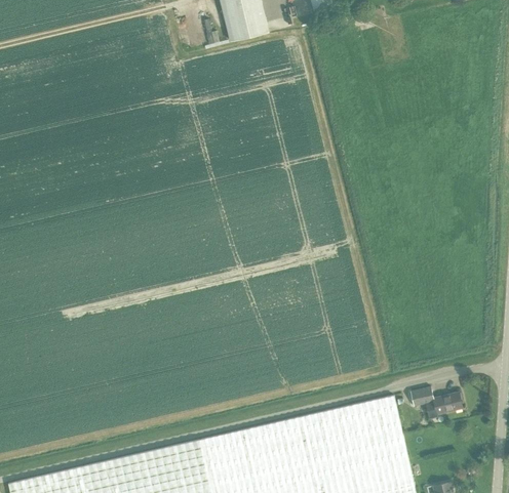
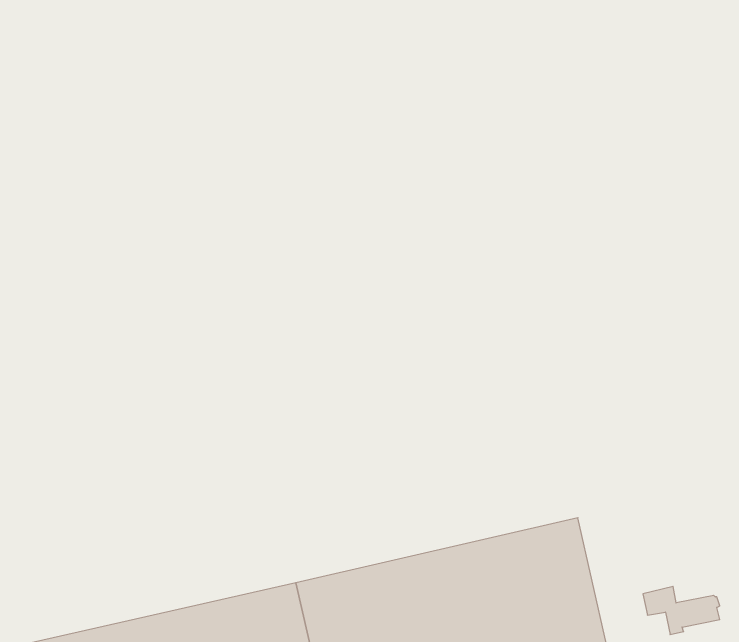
building: [409,385,462,418] -> [643,586,720,635]

